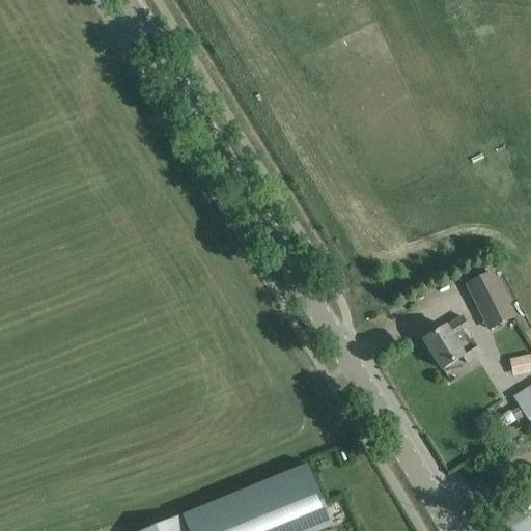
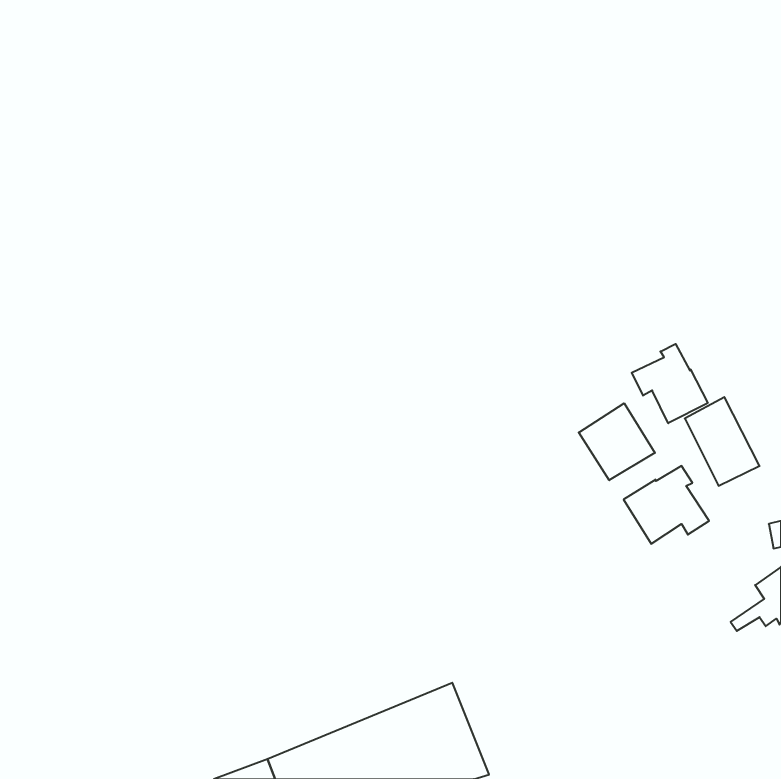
building: none -> [632,344,708,423]
building: none -> [579,403,655,480]

